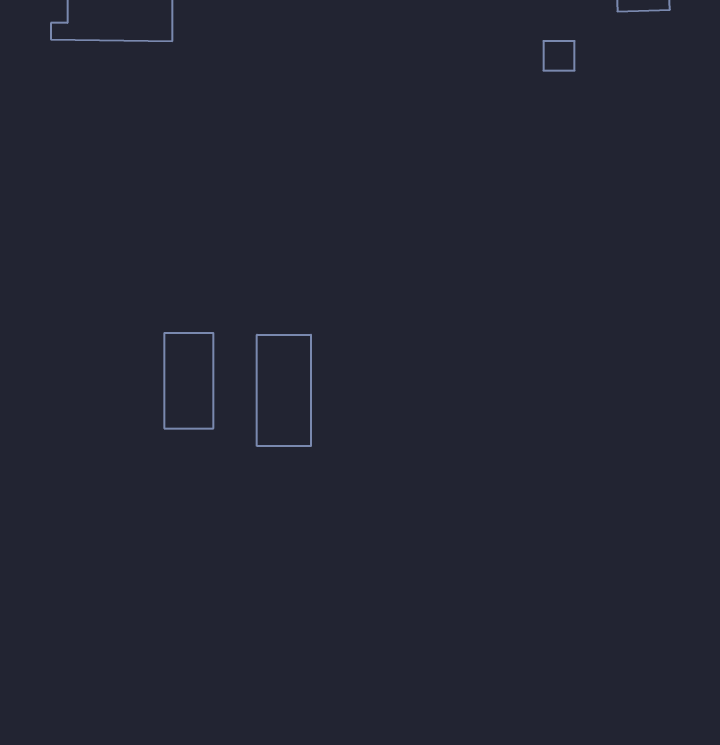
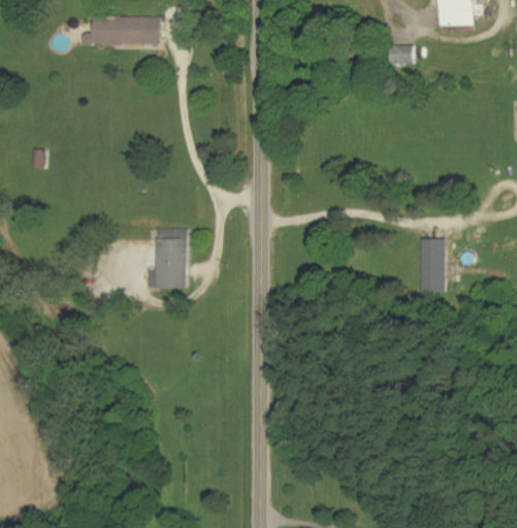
building: [257,335,311,446] -> none
building: none -> [420,239,445,292]

